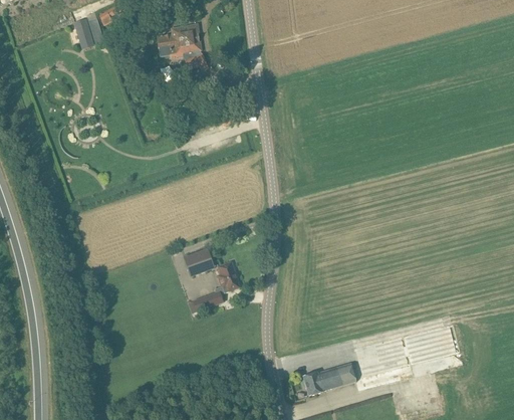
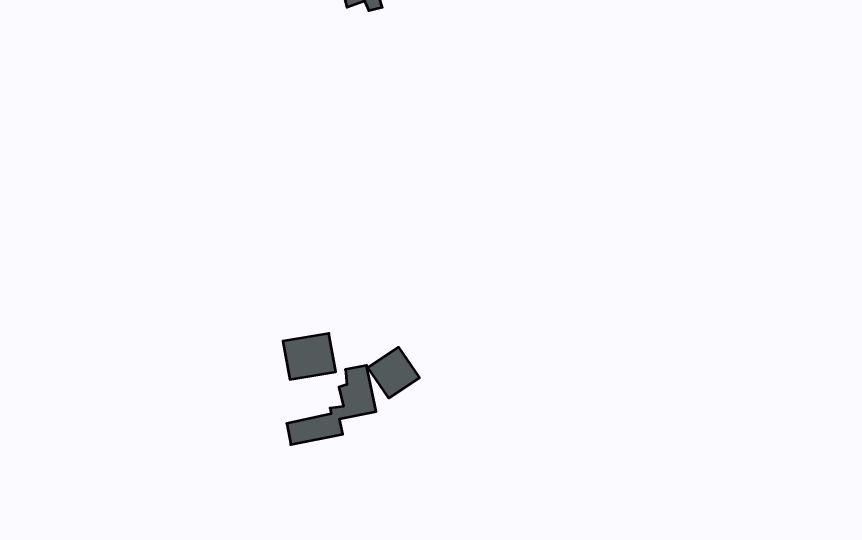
building: none -> [368,347,419,398]

